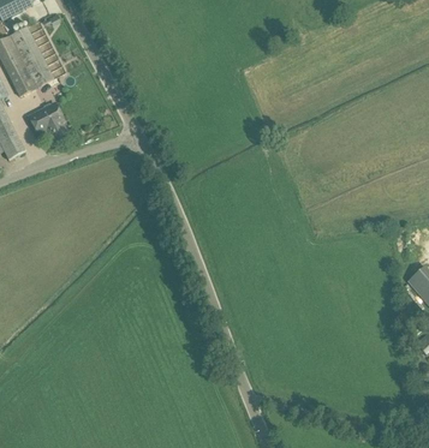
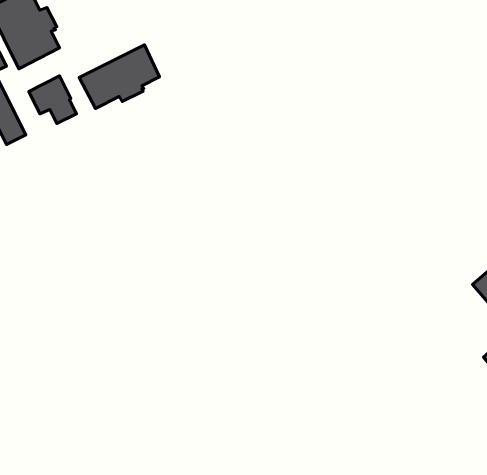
building: none -> [79,45,160,109]

